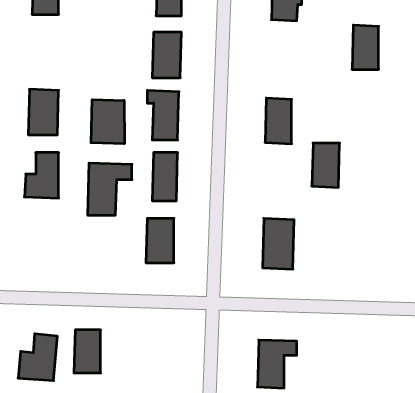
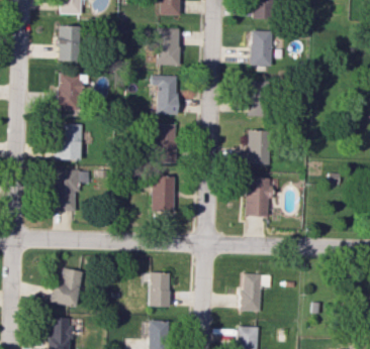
building: [352,25,379,69] -> [250,30,271,66]
building: none -> [59,25,79,61]
building: [91,100,124,144] -> none
building: [312,143,340,187] -> [247,130,269,165]
building: [88,163,132,215] -> [55,169,90,211]
building: [74,330,101,373] -> [149,272,170,307]

